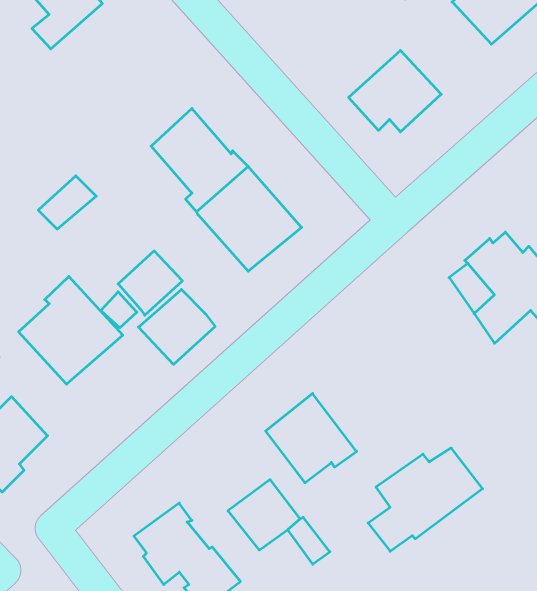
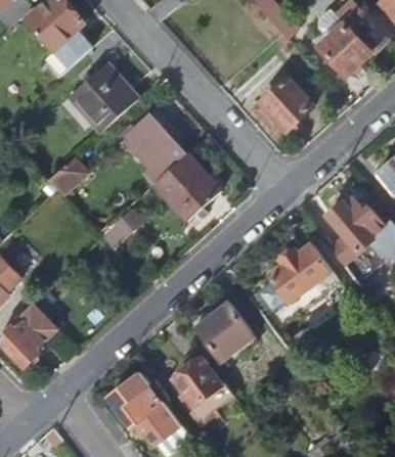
building: none -> [69,62,138,133]
building: [19,276,123,384] -> none
building: [138,289,215,364] -> none
building: [368,448,483,551] -> [258,243,333,311]

